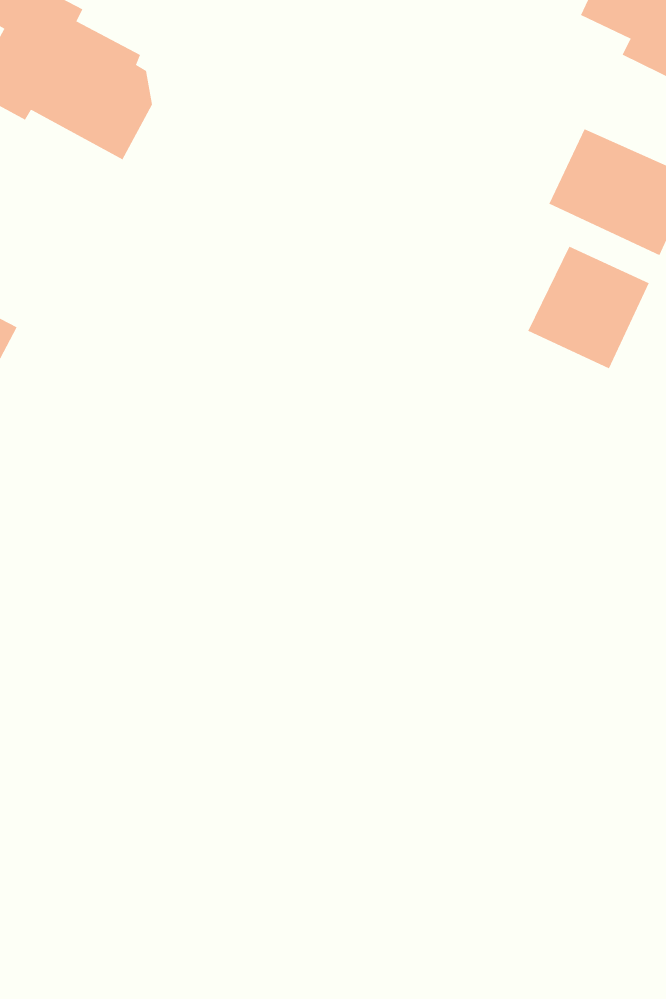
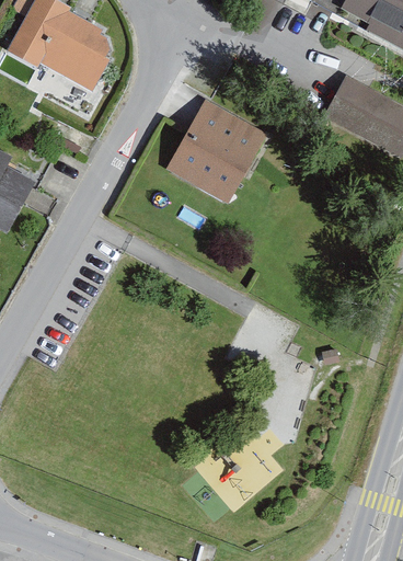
building: none -> [168,100,265,202]
building: [528,246,649,369] -> none

